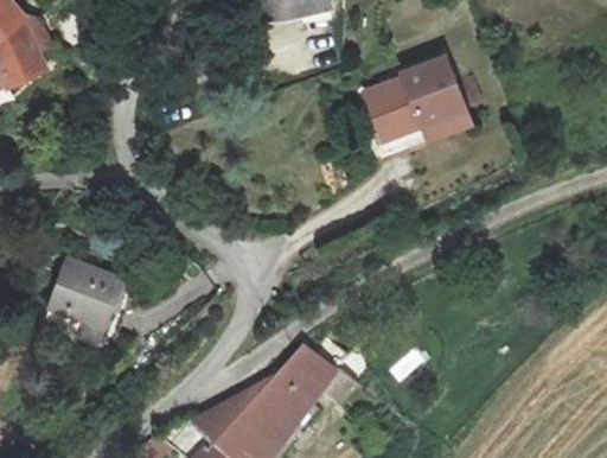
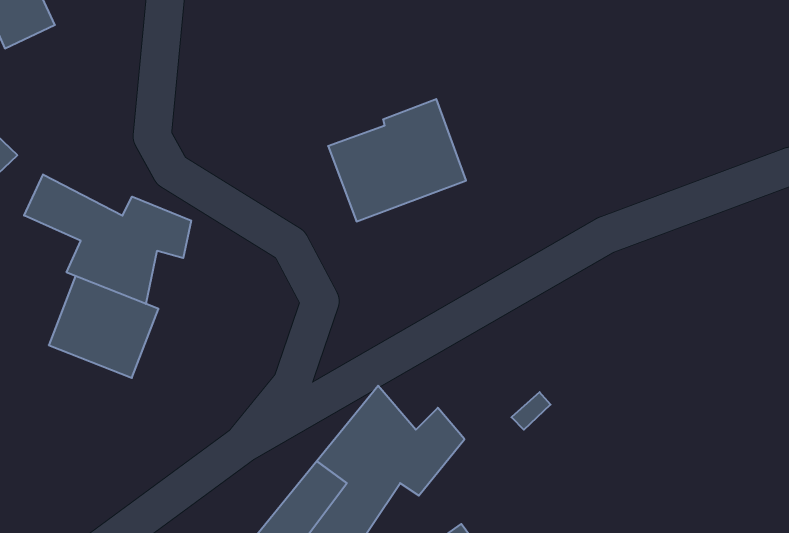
building: [363,55,467,147] -> [328,99,466,221]
building: none -> [24,174,191,304]

